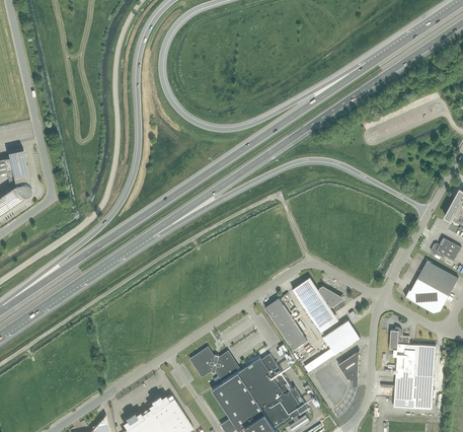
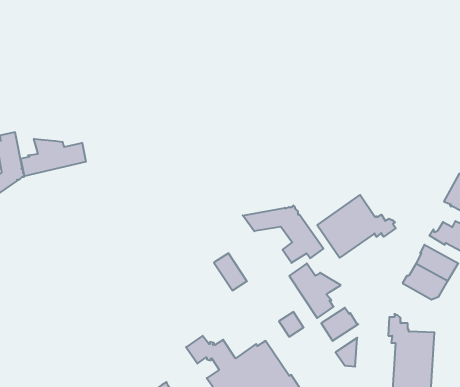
building: none -> [21,139,86,176]
building: none -> [317,195,396,258]
building: none -> [243,205,323,263]
building: [264,298,297,335] -> [214,253,247,290]

